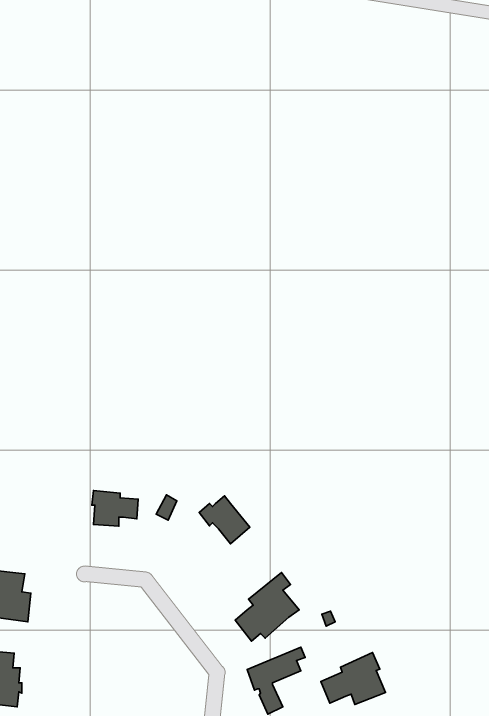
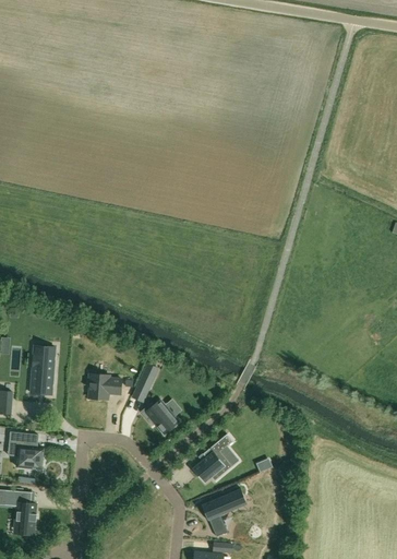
building: none -> [28,345,53,394]
building: [199,496,250,544] -> [142,400,179,435]
building: [321,653,385,705] -> none

